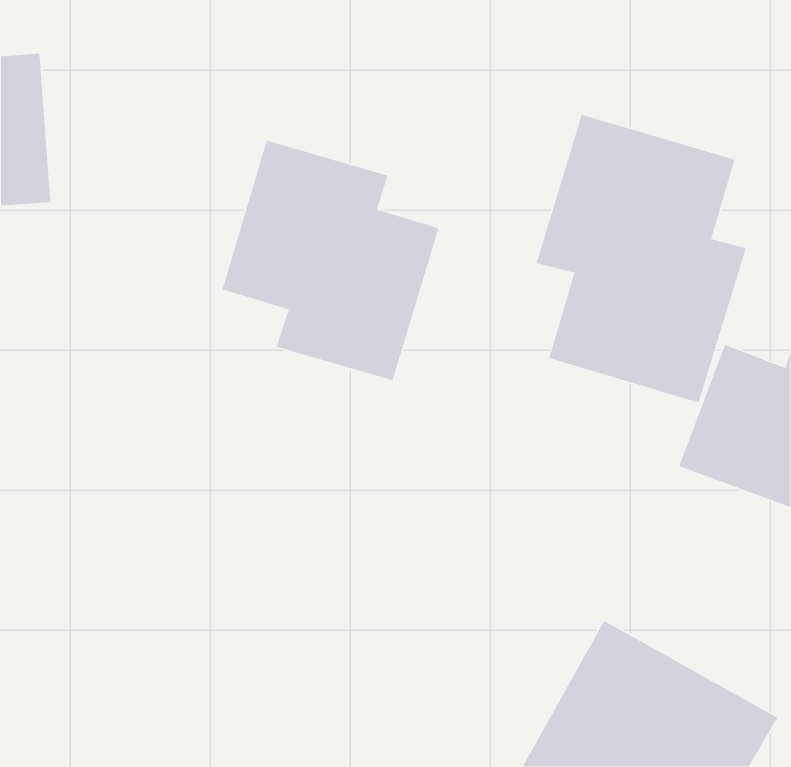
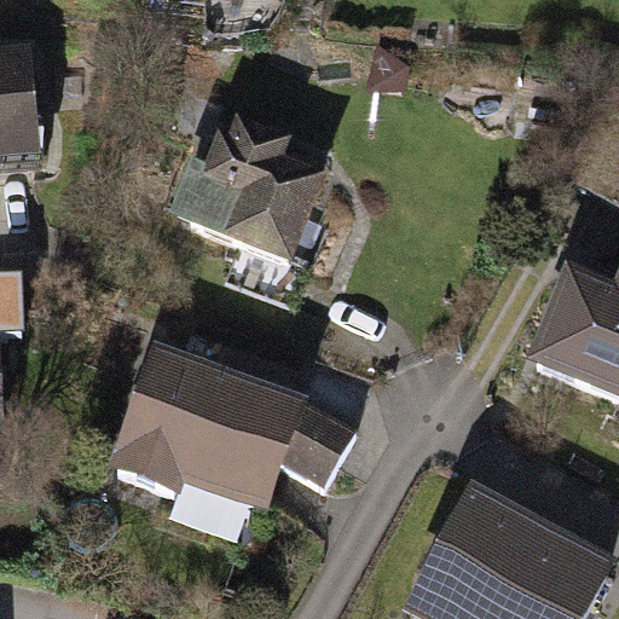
building: [535,114,747,404] -> none
building: none -> [94,359,332,522]

